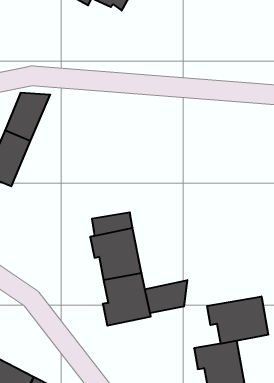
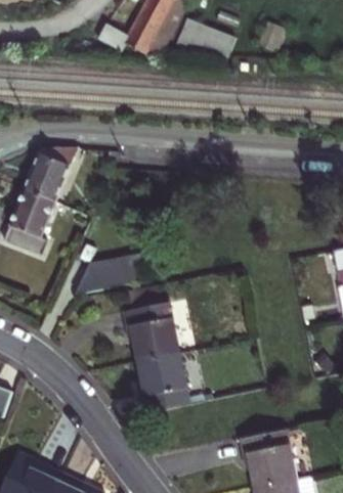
building: none -> [72,259,140,296]
building: [145,280,187,313] -> none
building: [207,296,268,344] -> none

